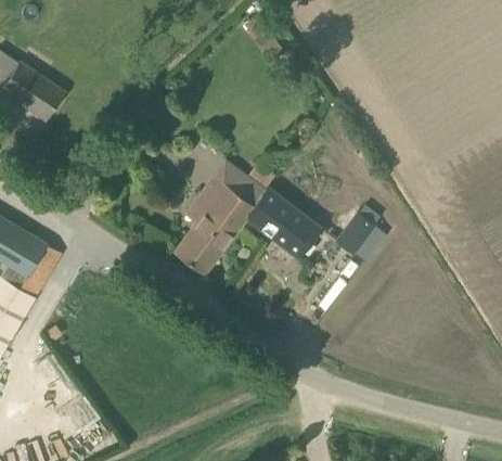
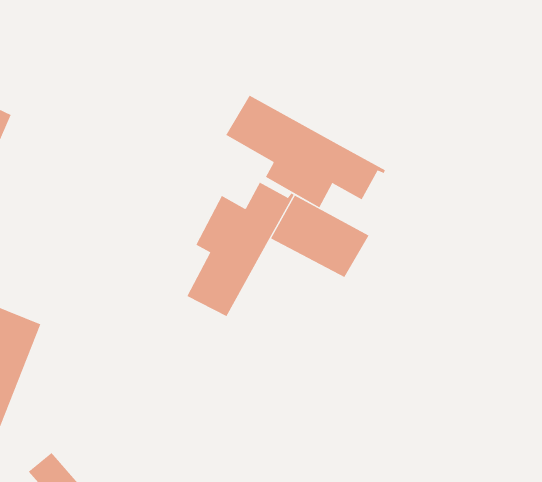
building: none -> [226,95,386,208]
building: [336,206,378,260] -> none

